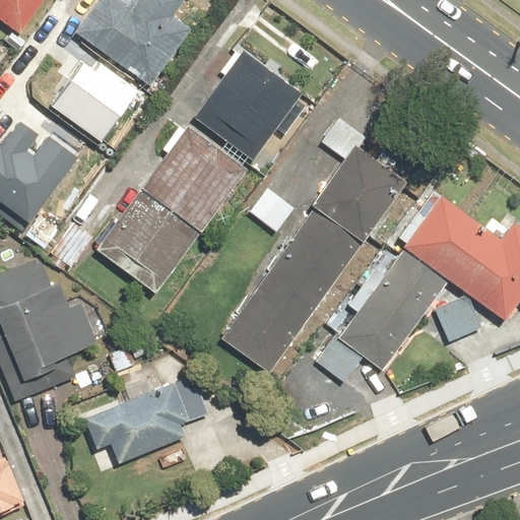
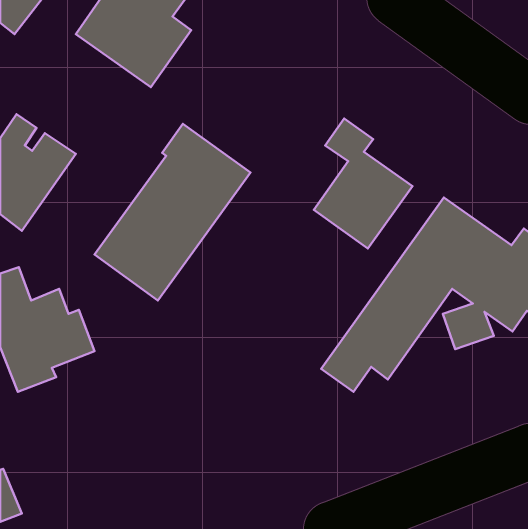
building: [193,48,306,161] -> none
building: [52,55,139,143] -> none
building: [218,215,358,375] -> none
building: [84,374,210,465] -> none

